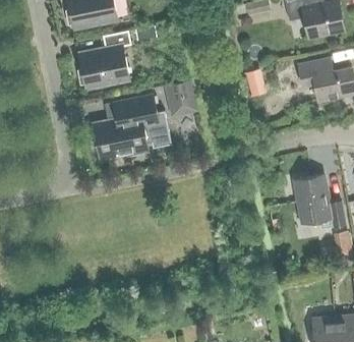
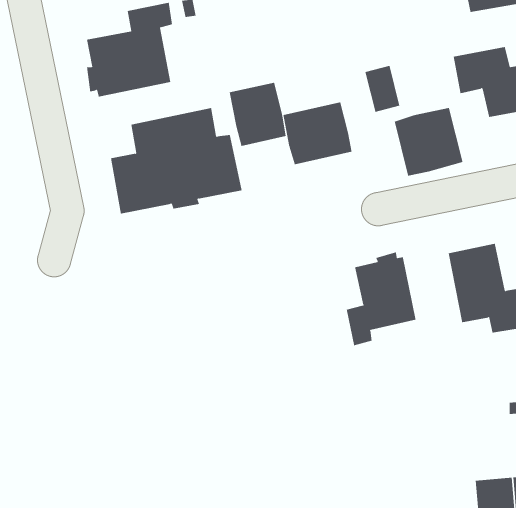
building: none -> [283,102,352,165]
building: none -> [394,107,463,177]
building: none -> [346,252,416,346]

